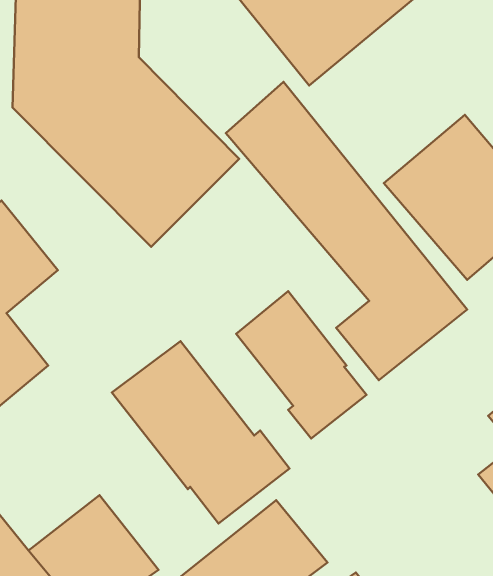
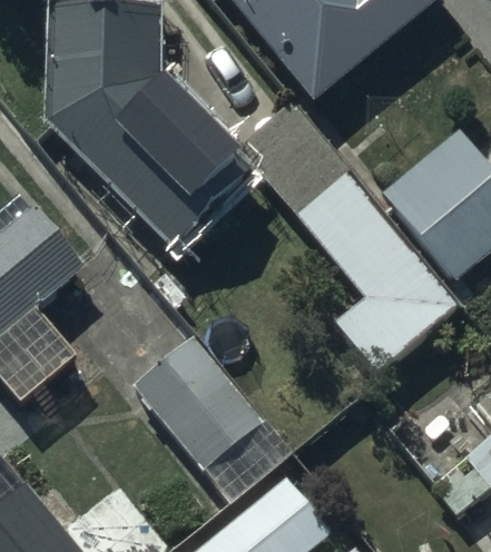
building: [236,291,367,439] -> none

